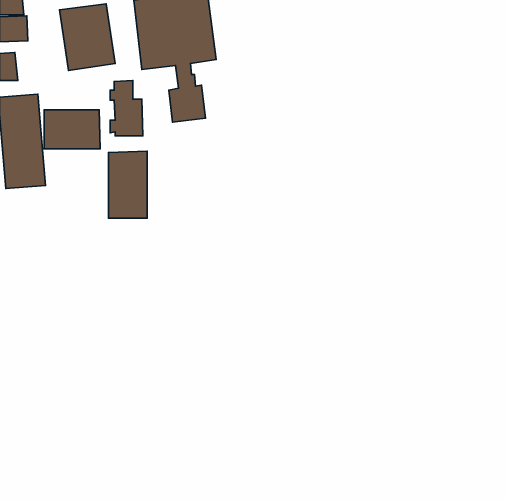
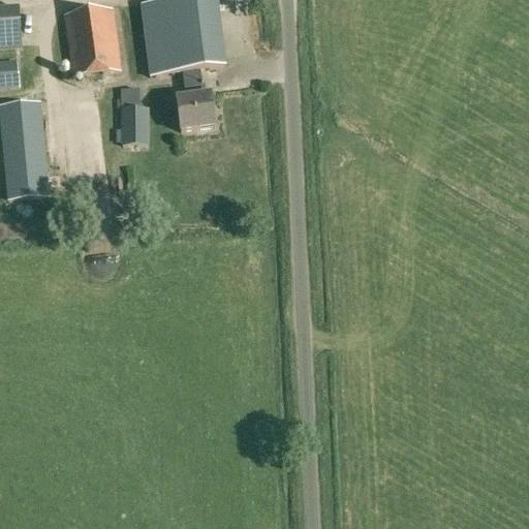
building: [44,110,100,149] -> none
building: [108,151,147,218] -> none

